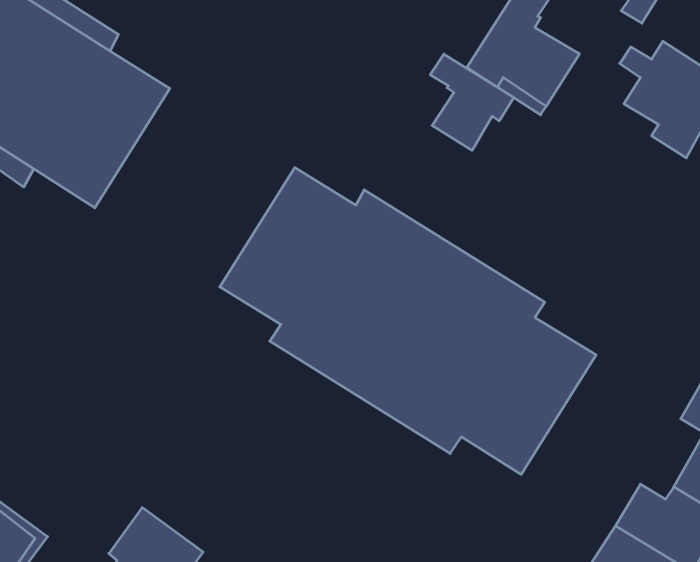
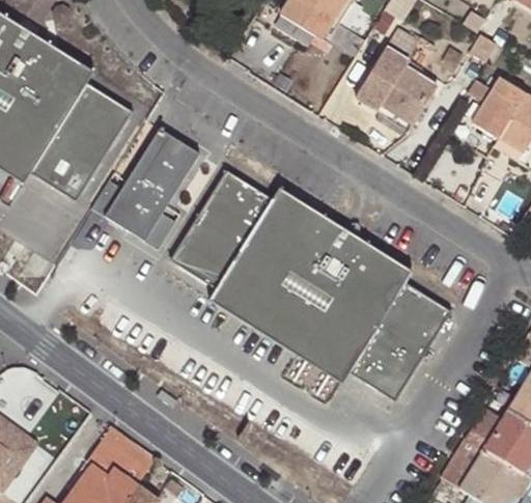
building: [430,54,514,150] -> none
building: none -> [117,125,205,244]

